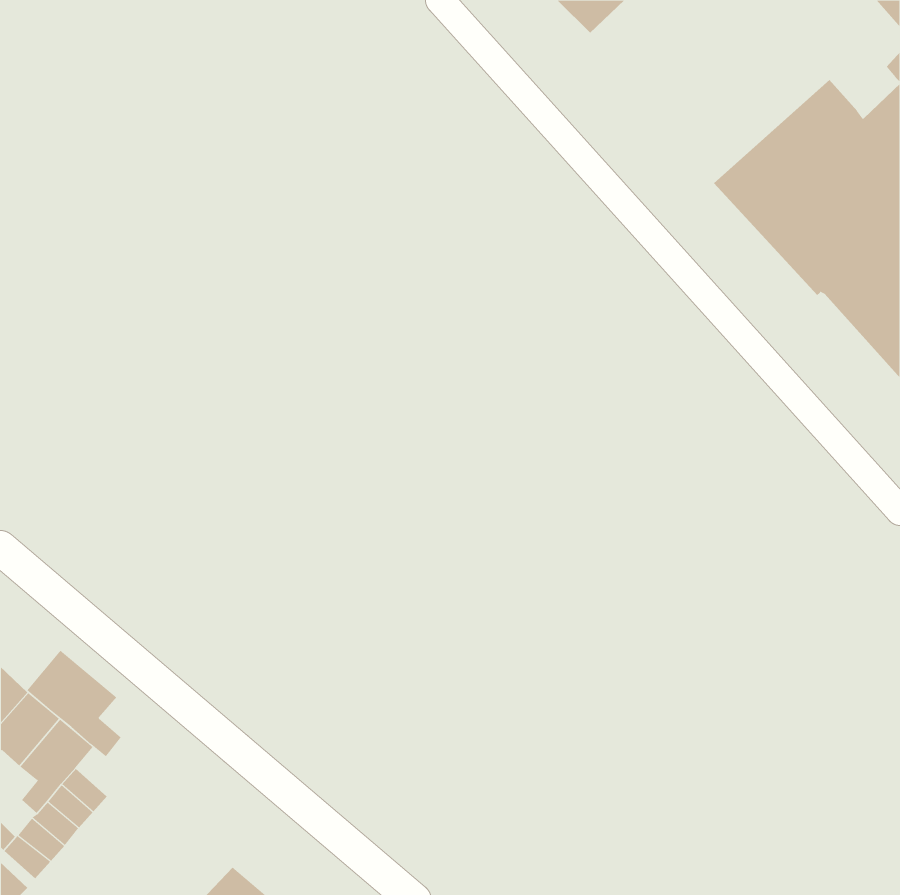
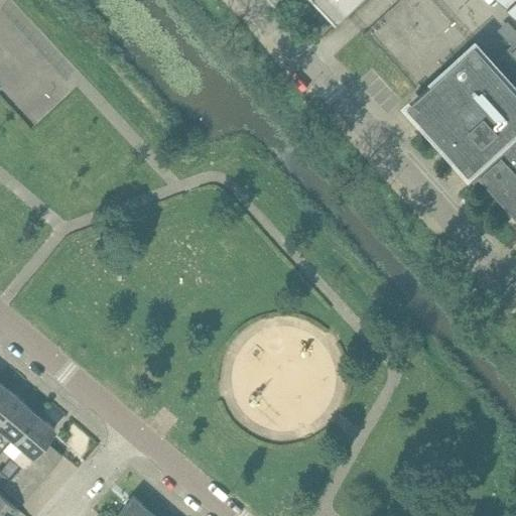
building: [26,650,122,757] -> none

